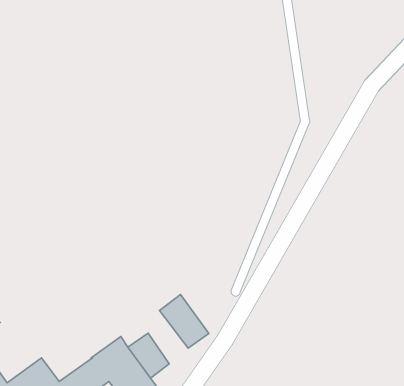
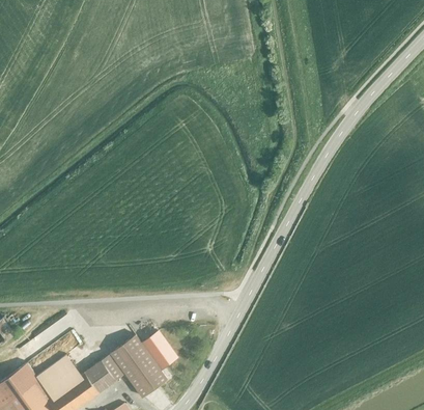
building: [159,295,209,348] -> none

